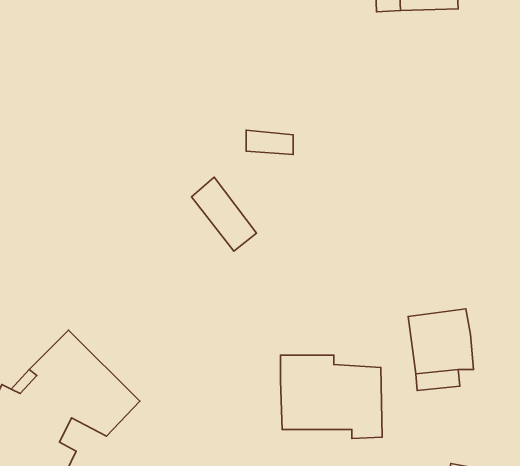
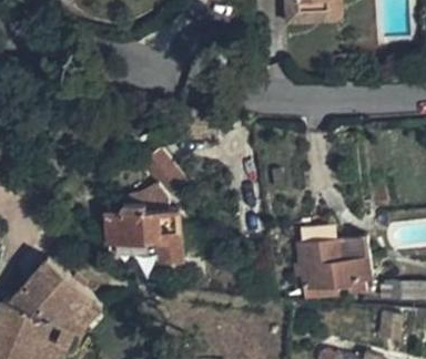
building: none -> [344,238,376,289]
building: [281,355,382,439] -> [110,199,184,260]

